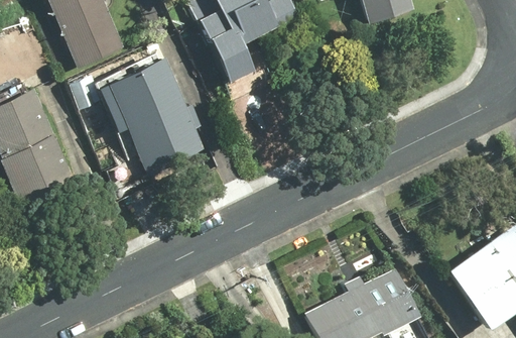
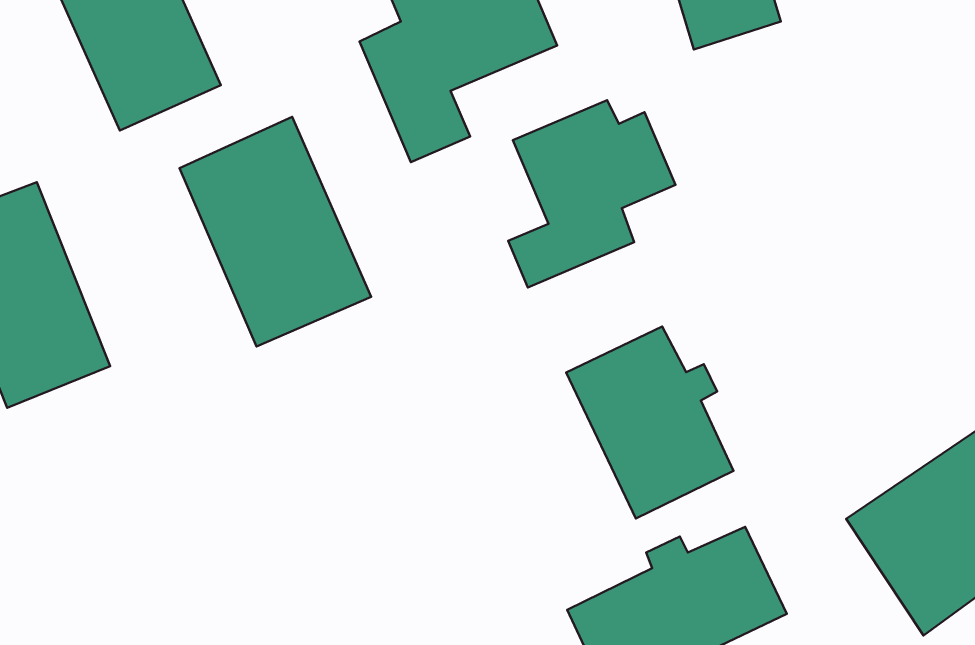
building: none -> [508,100,676,288]
building: none -> [566,326,733,518]

